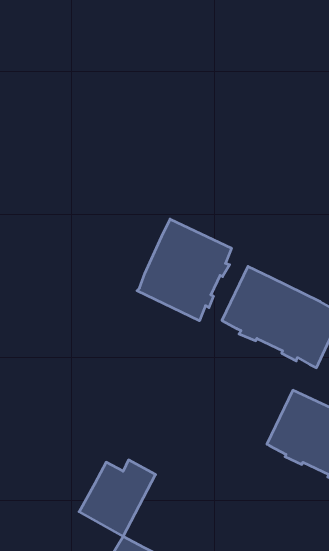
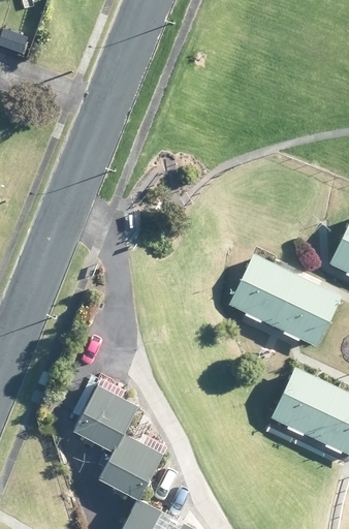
building: [137,219,231,321] -> none
building: none -> [72,378,136,454]

